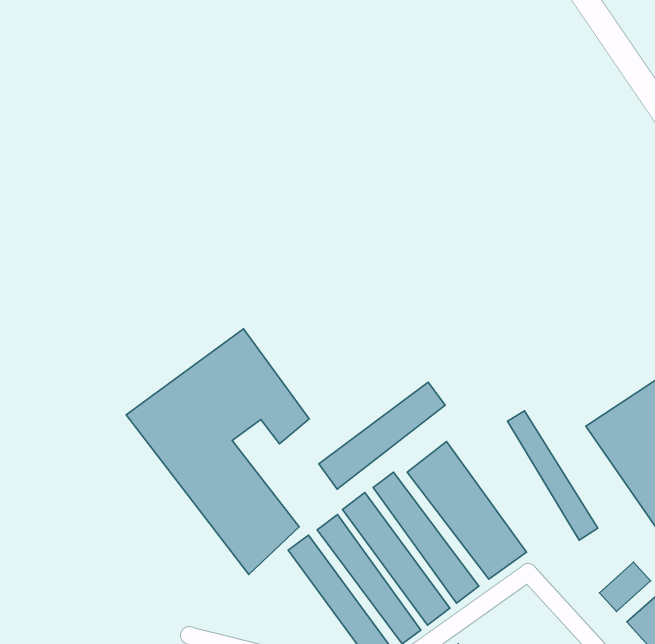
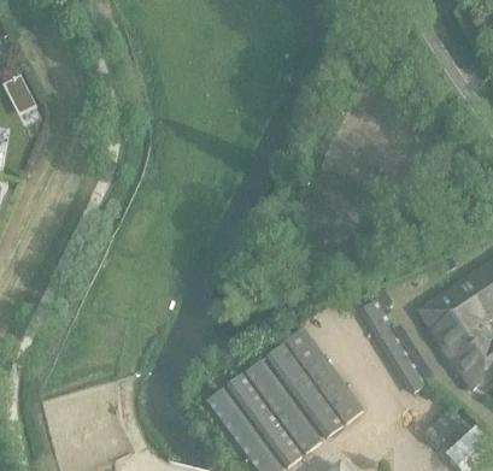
building: [126,329,309,575] -> none
building: [319,382,445,489] -> none

